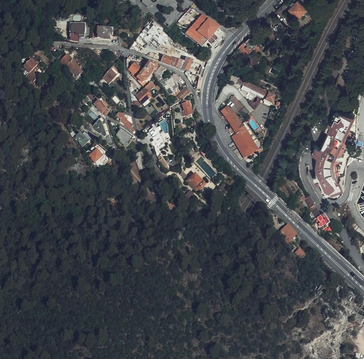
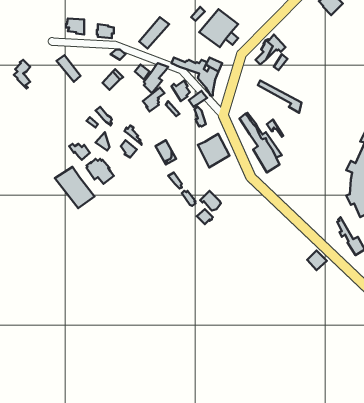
building: none -> [198,134,229,168]
building: none -> [55,167,95,208]

